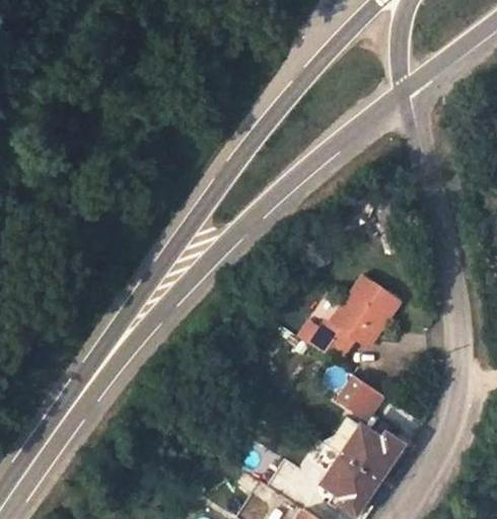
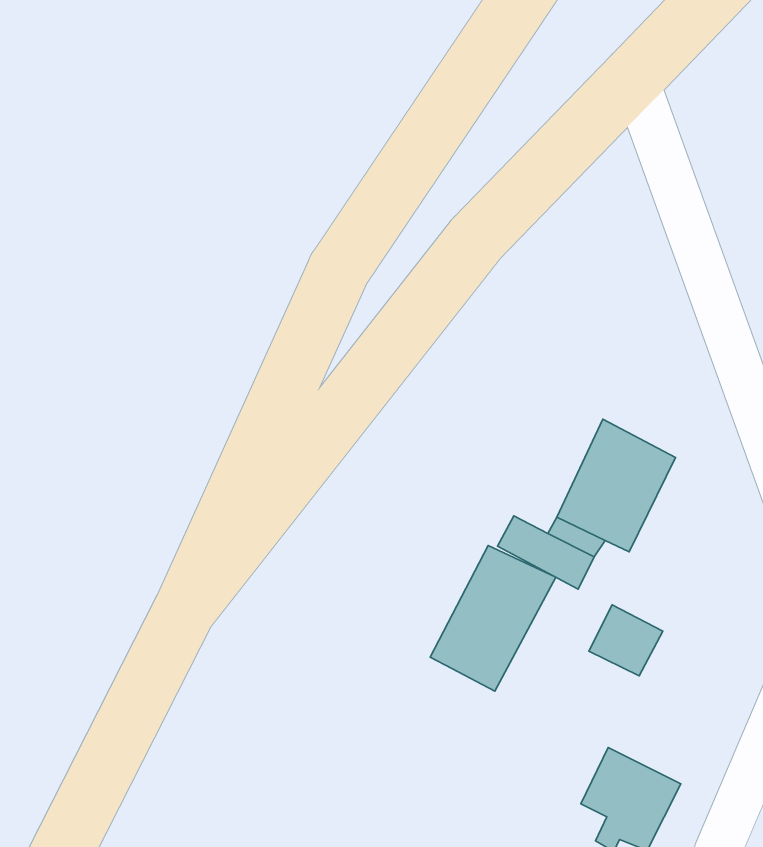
building: none -> [430,545,556,691]
building: [342,424,402,477] -> none

